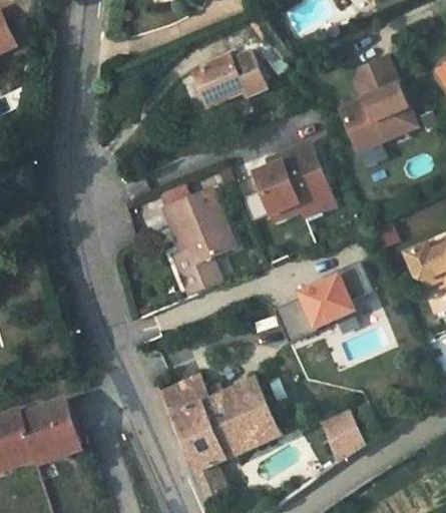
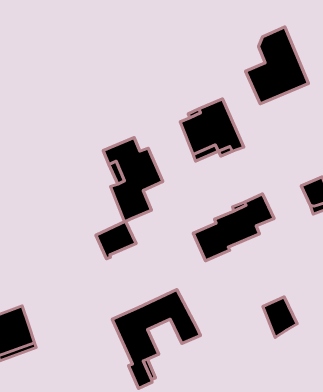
building: [193,49,269,105] -> none
building: [156,373,205,419] -> [96,221,136,259]
building: [324,411,366,461] -> [263,297,297,338]
building: [216,414,259,457] -> none

